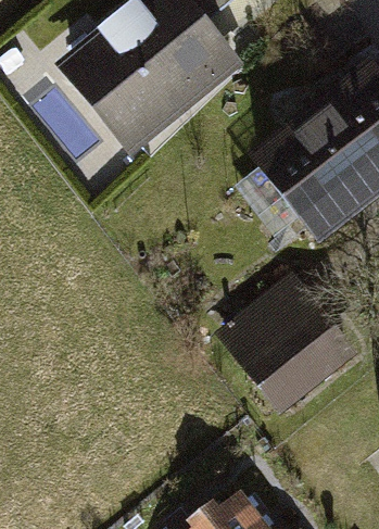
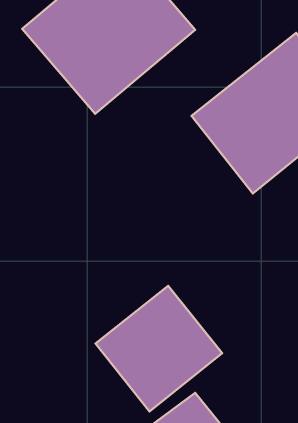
building: [216,267,362,412] -> [96,286,222,412]

